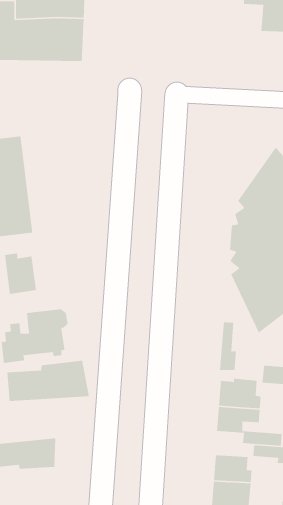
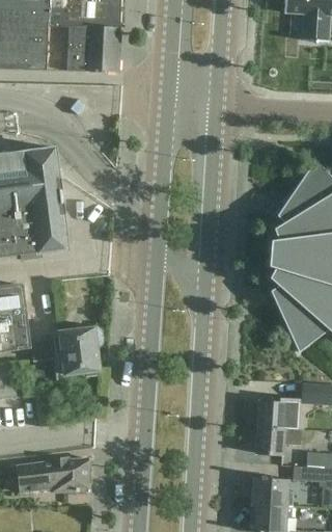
building: [4,252,37,295] -> none
building: [219,322,237,371] -> none
building: [6,360,90,402] -> none

